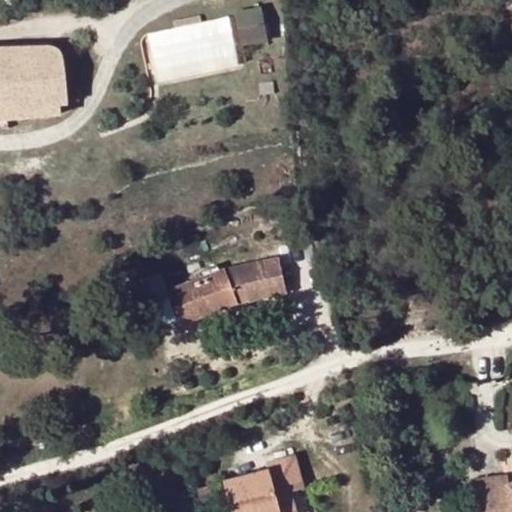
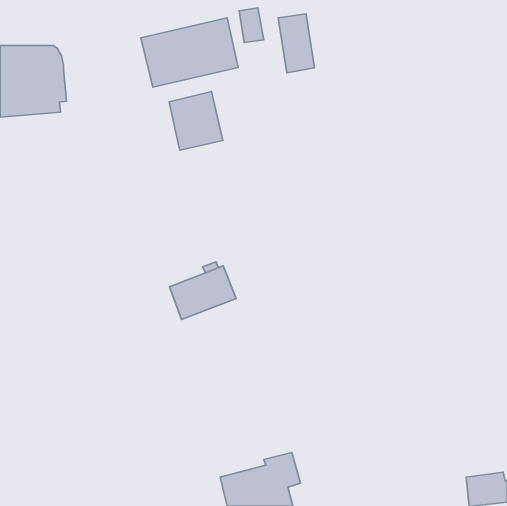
building: none -> [278,14,314,73]
building: none -> [169,92,223,150]
building: [225,259,286,301] -> none

